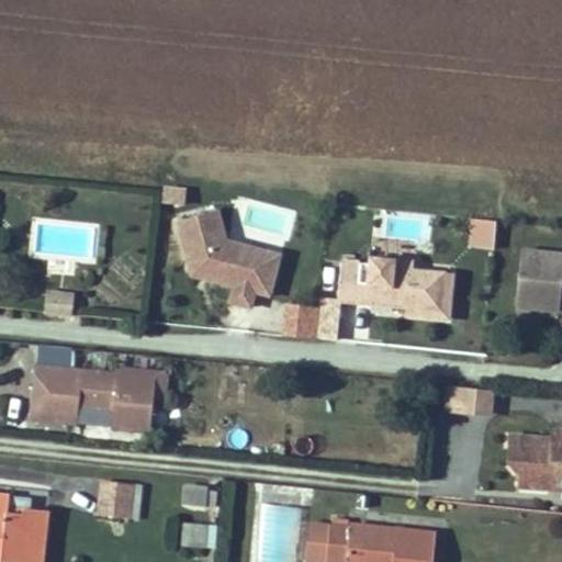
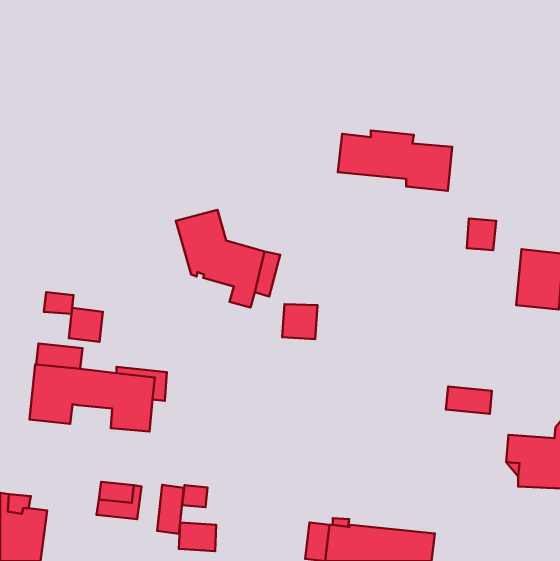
building: [338,258,452,318] -> [338,130,452,191]
building: none -> [69,308,103,342]
building: none -> [157,485,184,534]

